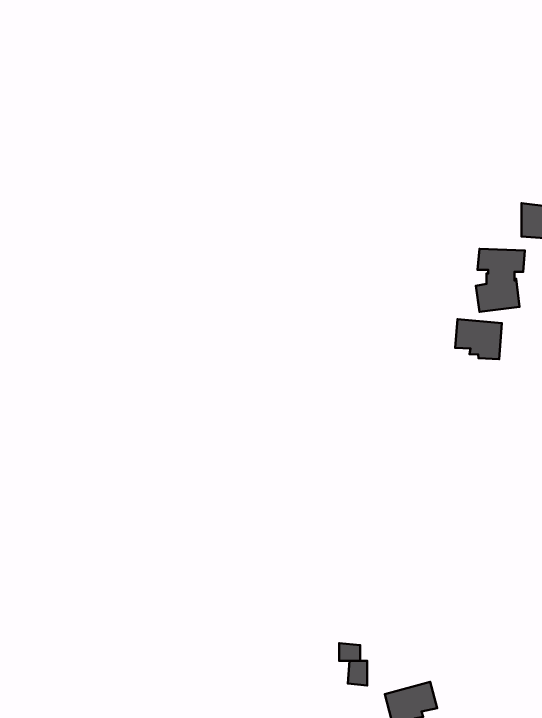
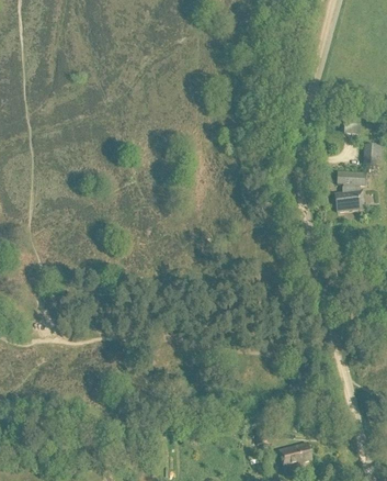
building: [455,319,502,359] -> none

